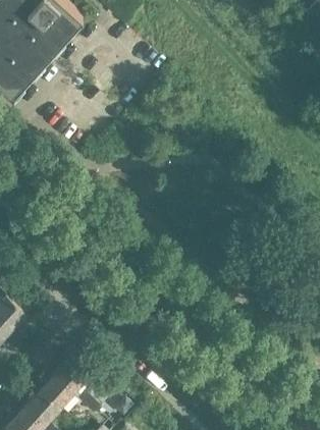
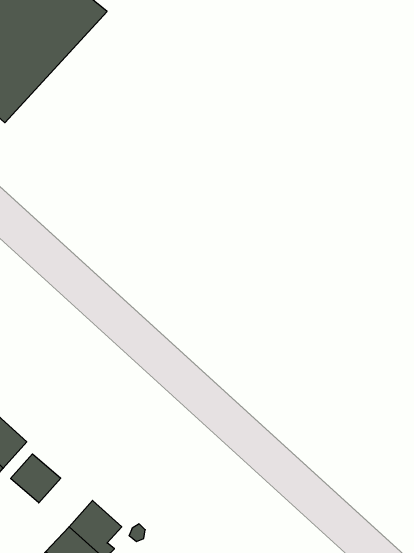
building: none -> [11,454,61,503]

